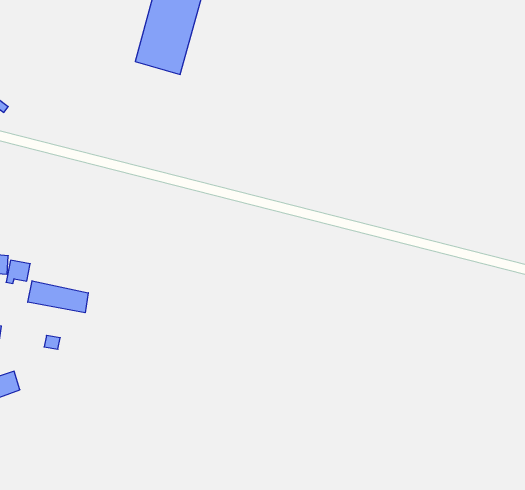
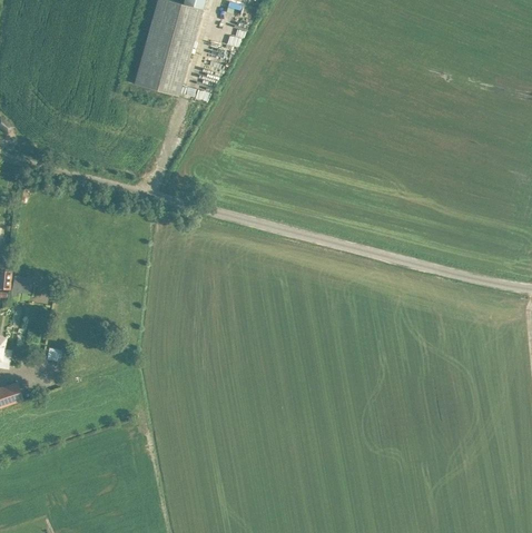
building: [28,281,88,313] -> none

